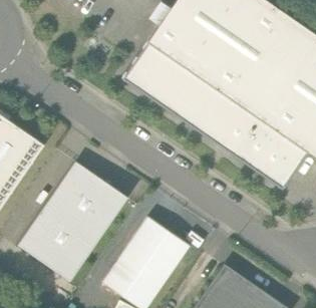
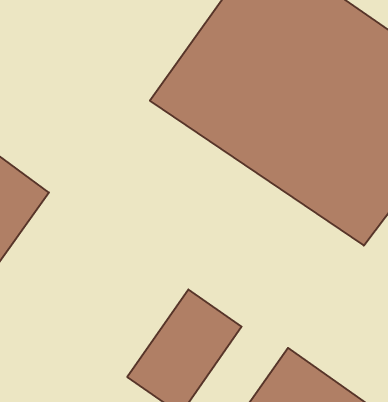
building: [18,162,128,281] -> none

